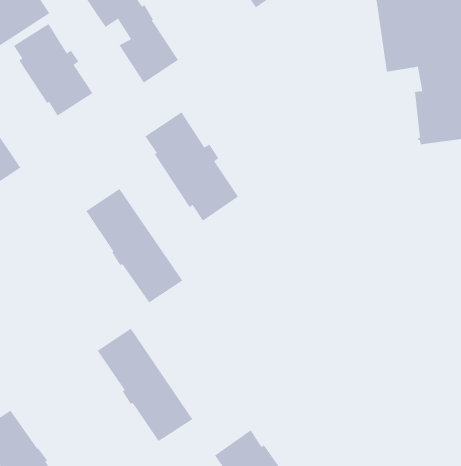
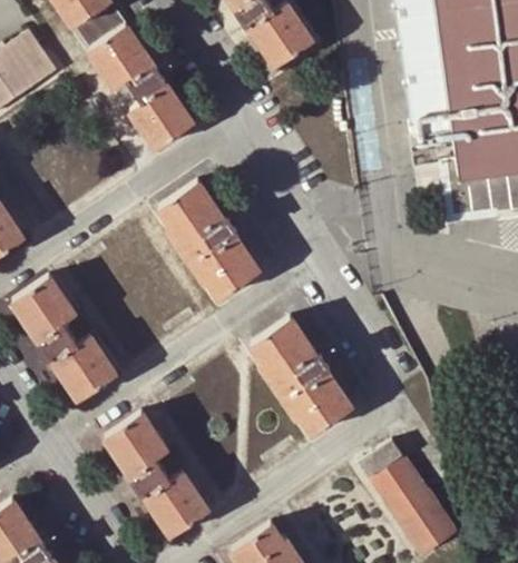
building: [13,23,93,116] -> none
building: [86,188,183,303] -> [12,276,117,399]
building: none -> [250,317,350,435]
building: none -> [359,439,453,554]

